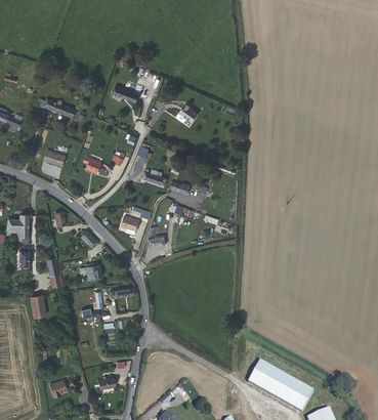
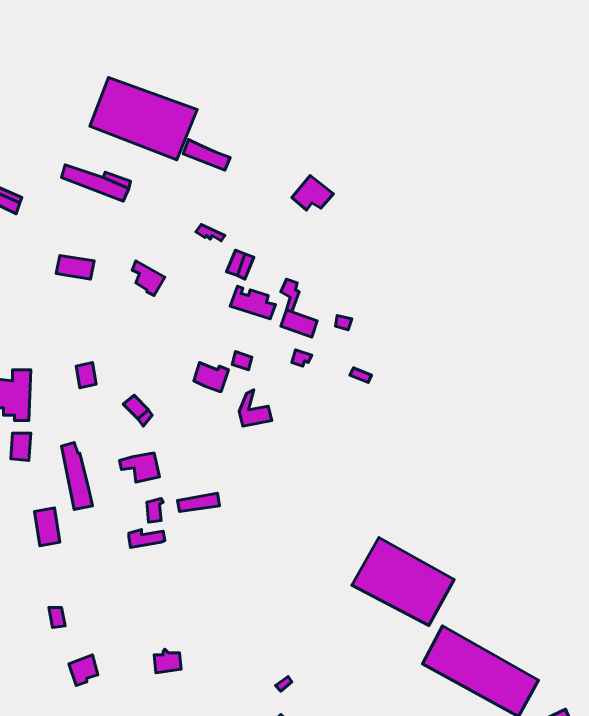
building: none -> [90,77,197,160]
building: none -> [352,538,454,626]

